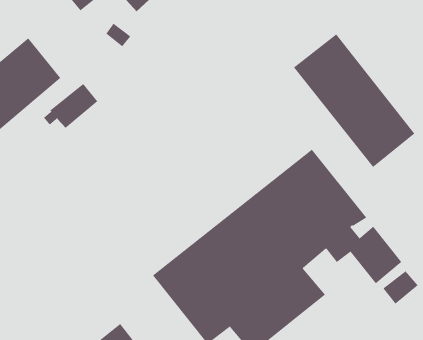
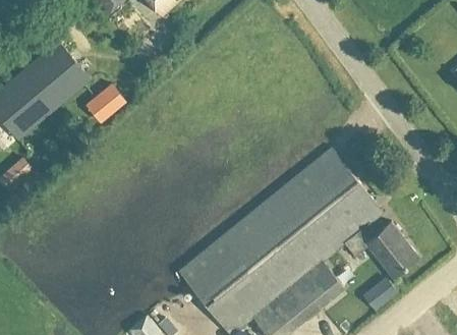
building: [293,33,415,168] -> none
building: [382,270,418,304] -> [362,279,397,312]

